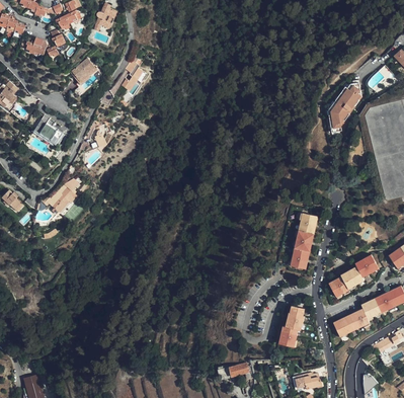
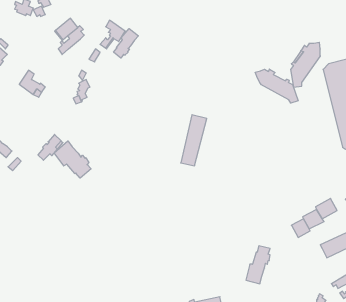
building: none -> [114,29,138,58]
building: none -> [255,69,298,103]
building: none -> [54,141,91,178]
building: [291,214,319,269] -> [181,115,207,166]
building: [331,309,369,337] -> none

